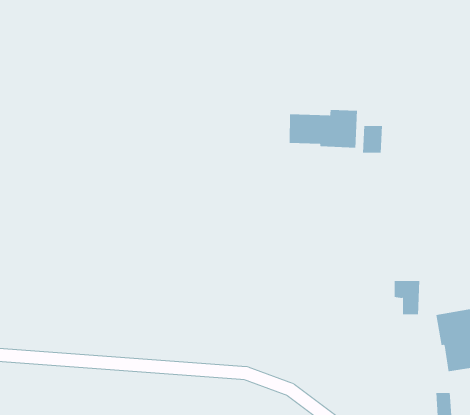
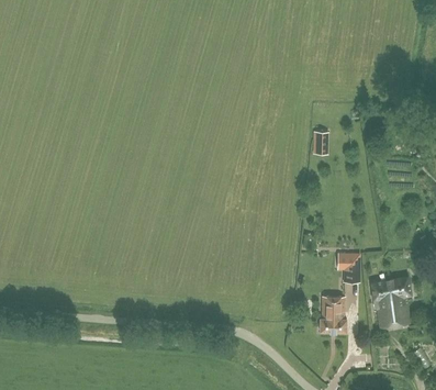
building: [289,109,358,148] -> none
building: none -> [318,296,345,332]

